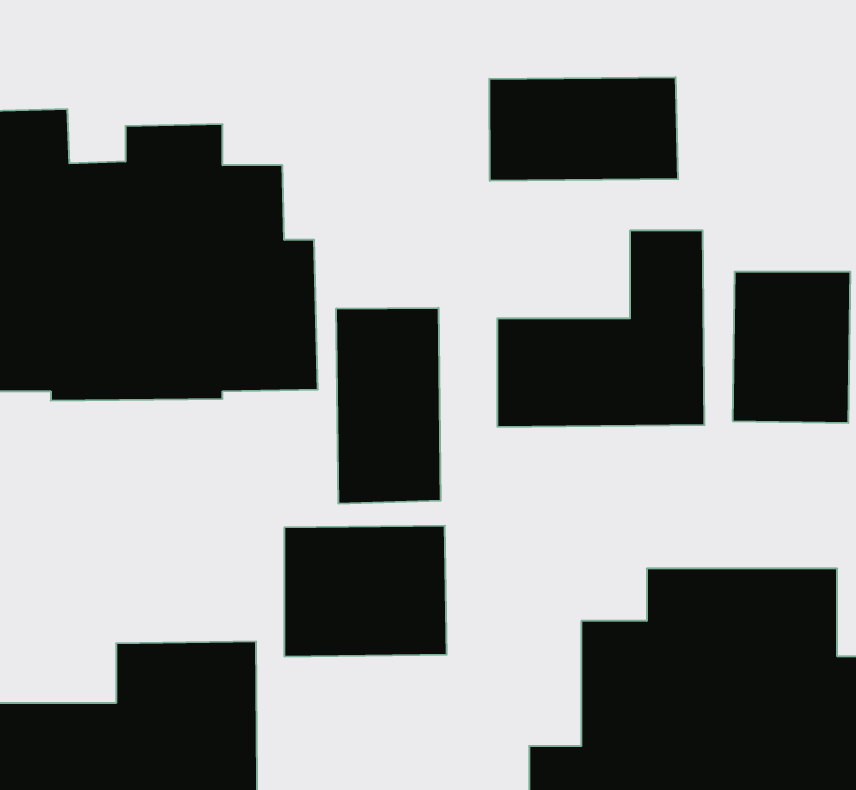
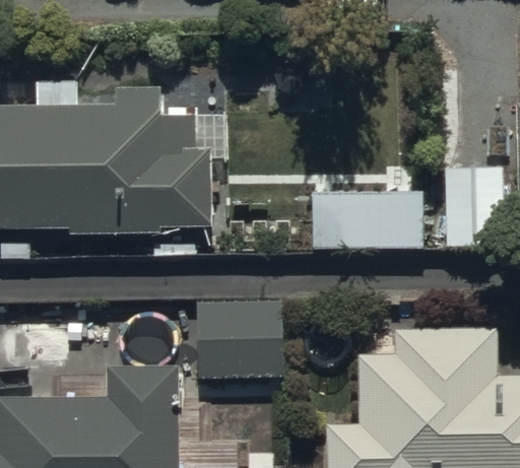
building: [489,77,678,181] -> none
building: [336,308,441,504] -> none

